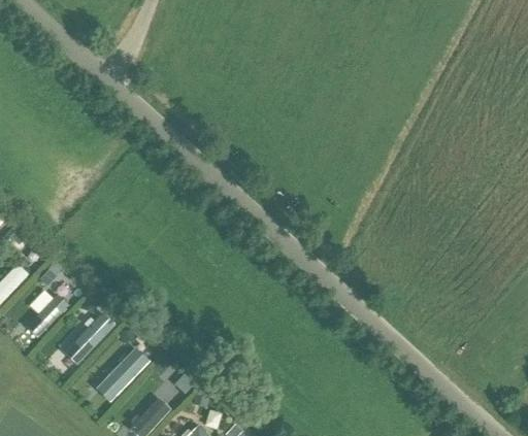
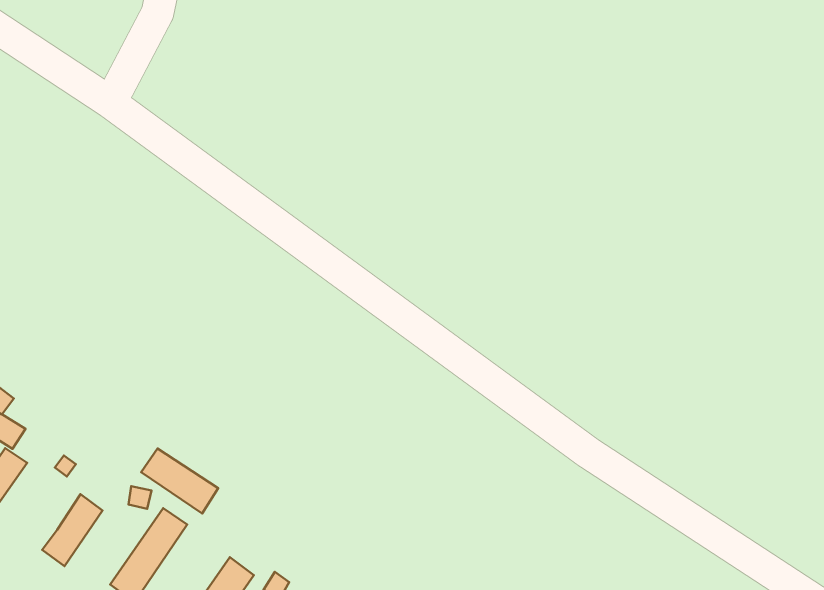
building: none -> [141,449,218,513]

